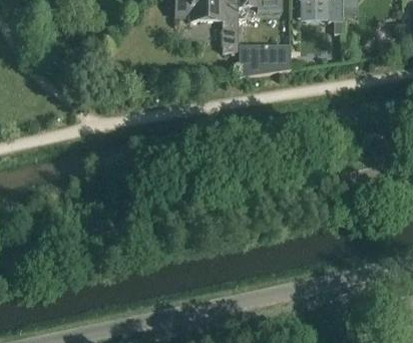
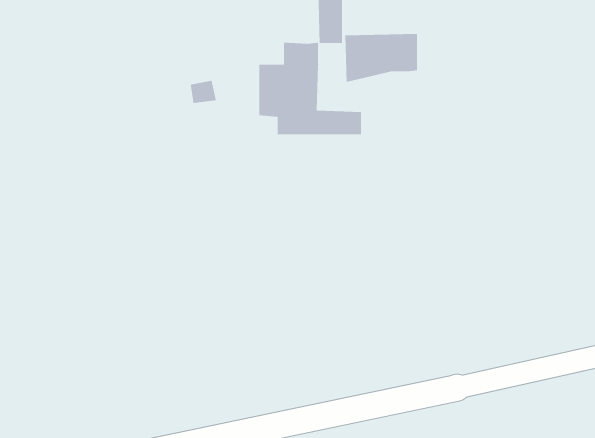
building: none -> [258,42,362,135]

